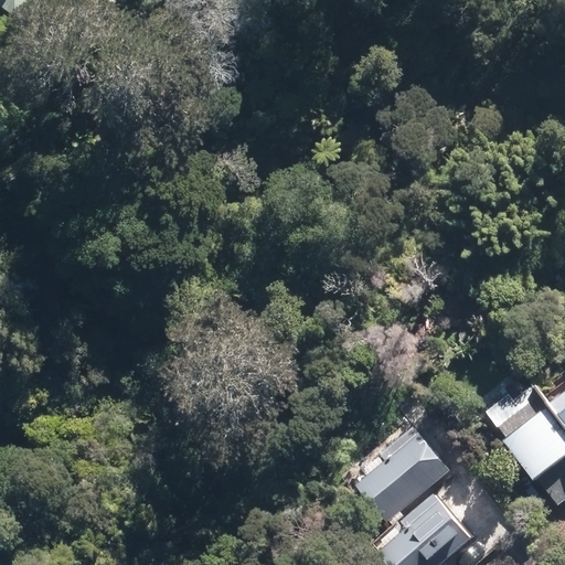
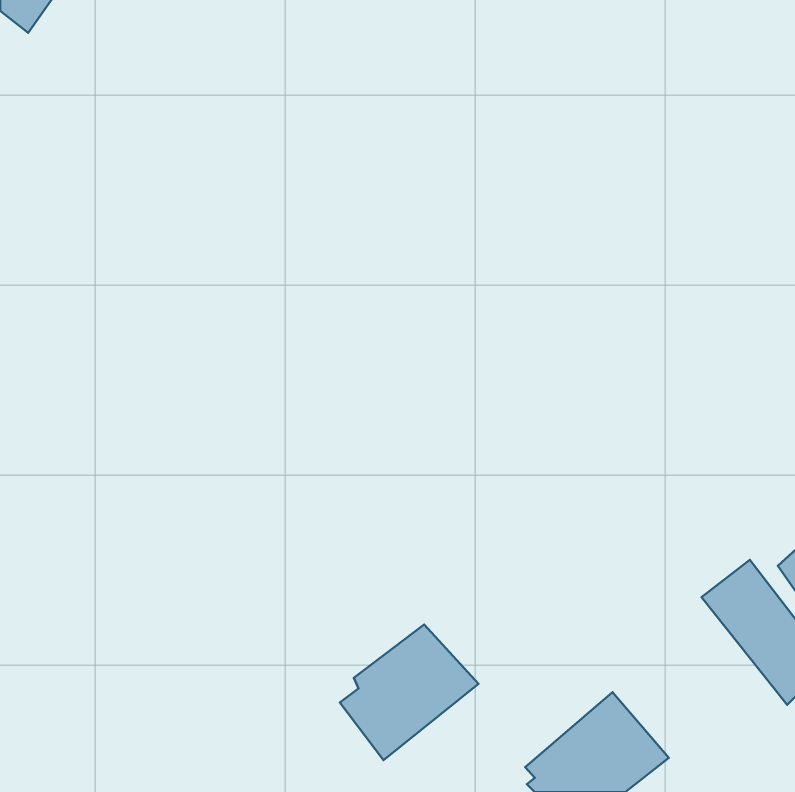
building: [353,429,451,525] -> [340,625,479,760]

